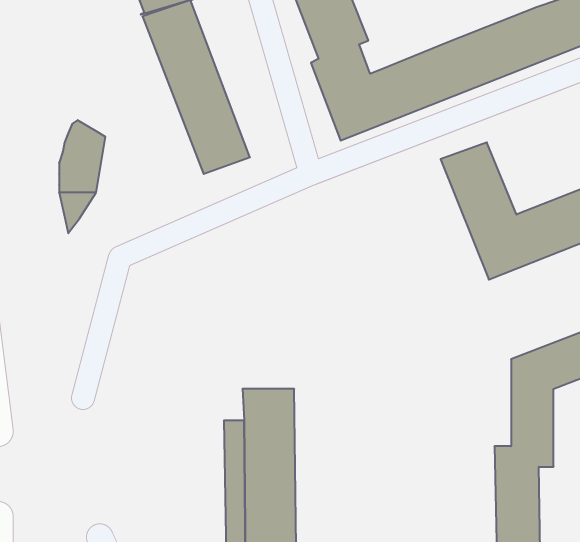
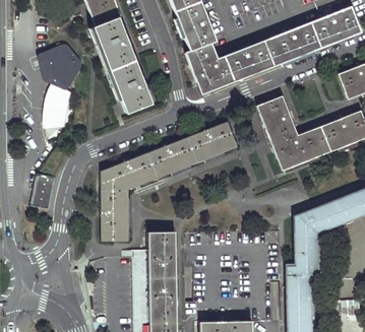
building: none -> [40,46,82,89]
building: none -> [101,121,237,240]
building: none -> [31,174,55,209]

